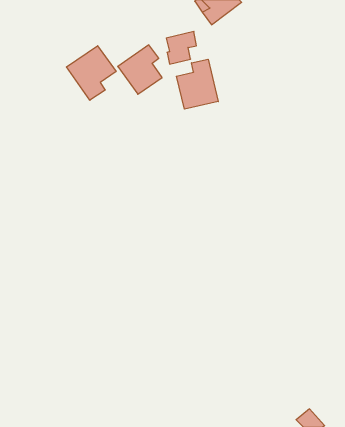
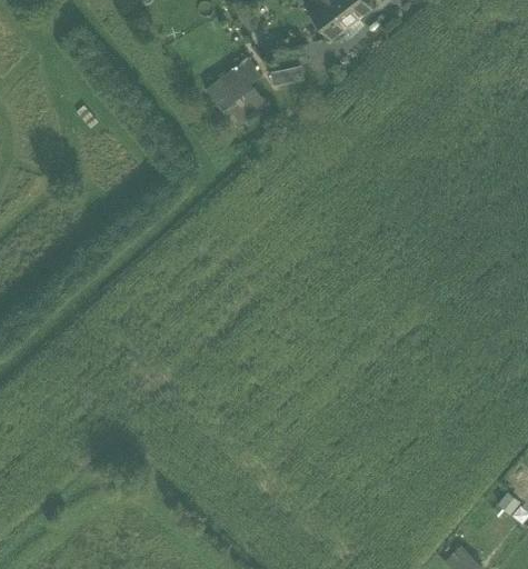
building: [66,46,116,100] -> none
building: [176,59,218,109] -> none

